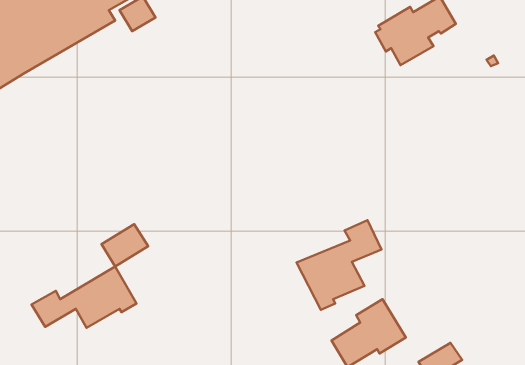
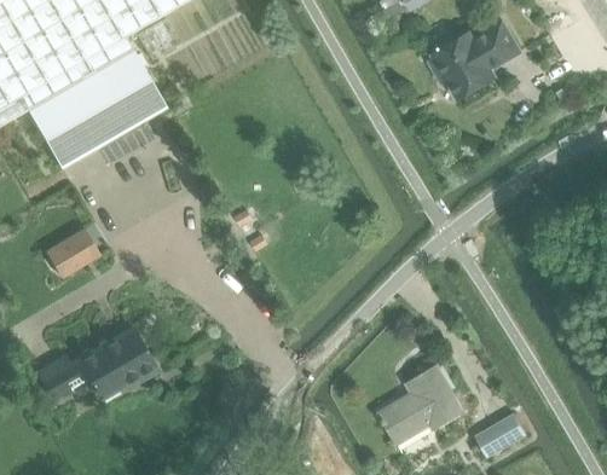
building: none -> [28,48,166,168]
building: [297,220,382,310] -> none
building: [101,224,148,266] -> [46,228,99,277]

